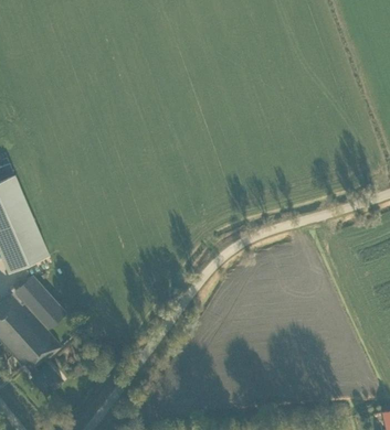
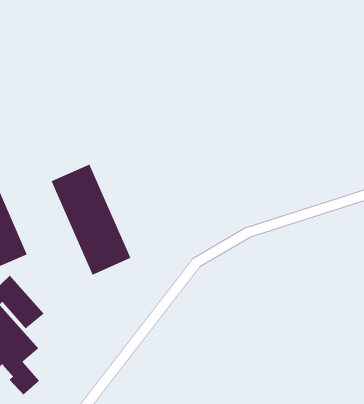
building: none -> [51,163,131,276]

